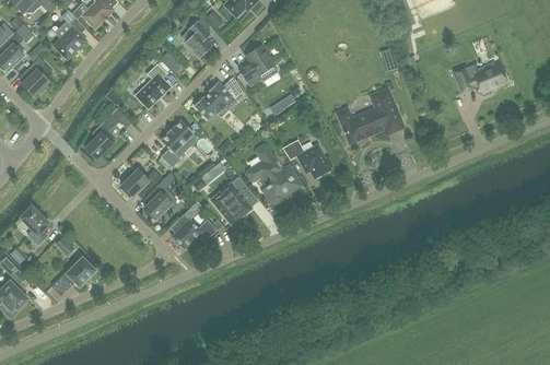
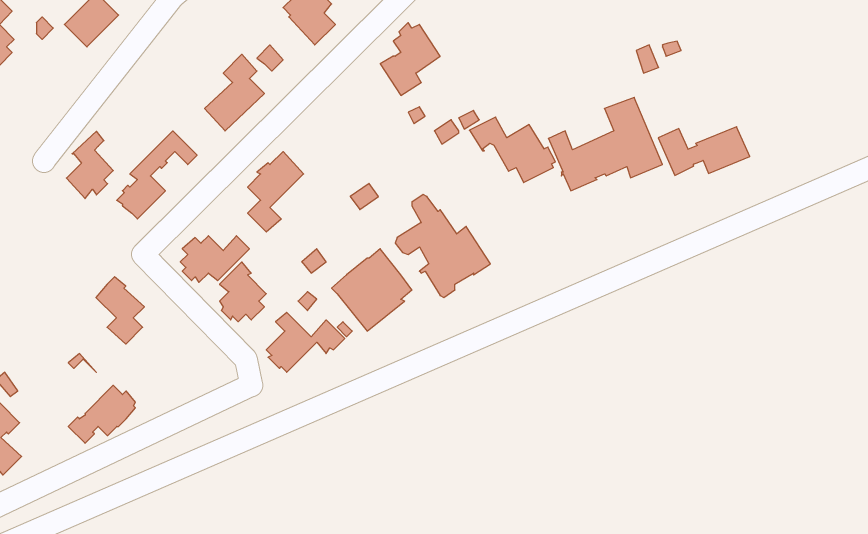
building: [22,56,49,95] -> [66,131,113,199]
building: [454,63,507,92] -> [658,127,750,175]
building: [194,75,245,118] -> none
building: [282,139,332,177] -> [469,117,555,183]
building: [21,204,49,244] -> [96,277,144,344]

